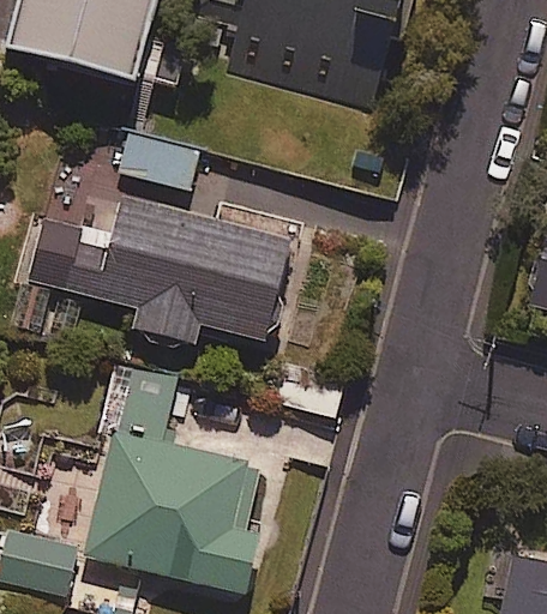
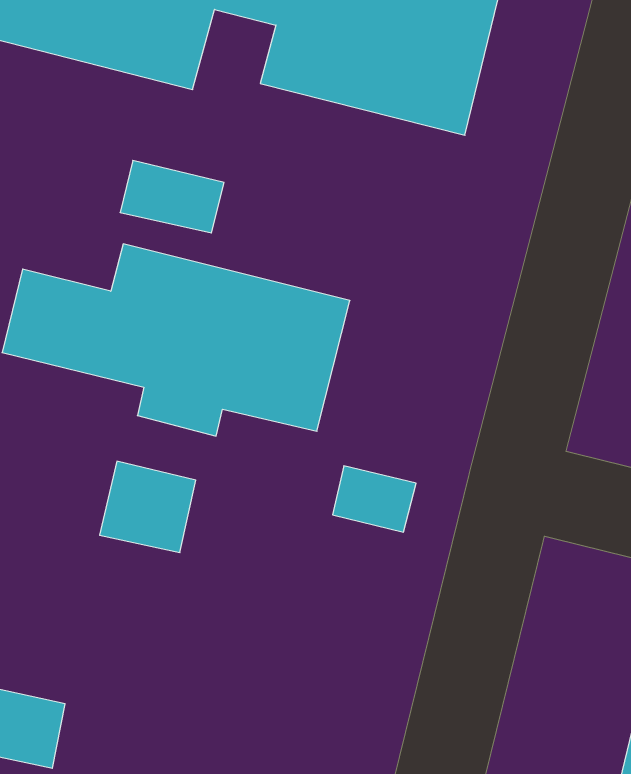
building: [85,432,258,591] -> none

